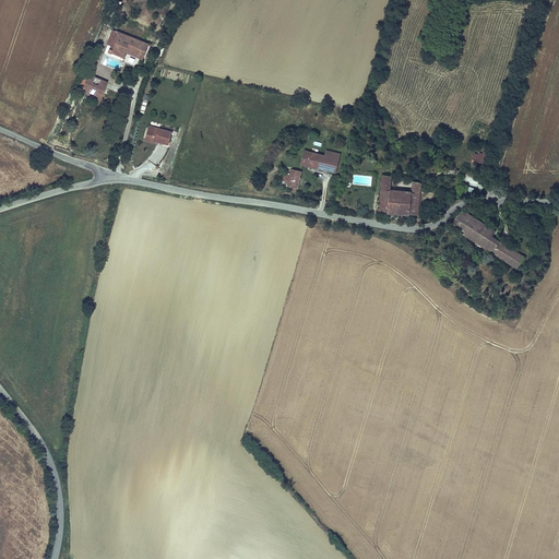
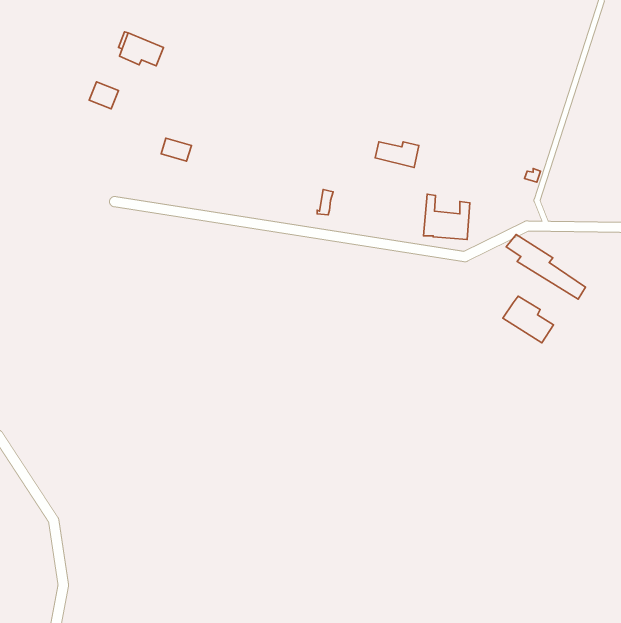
building: [300,151,340,174] -> [375,142,419,168]
building: none -> [503,296,554,343]

